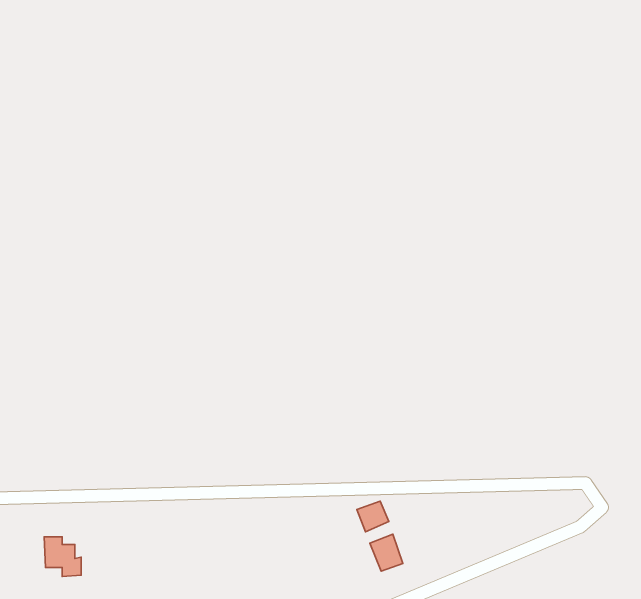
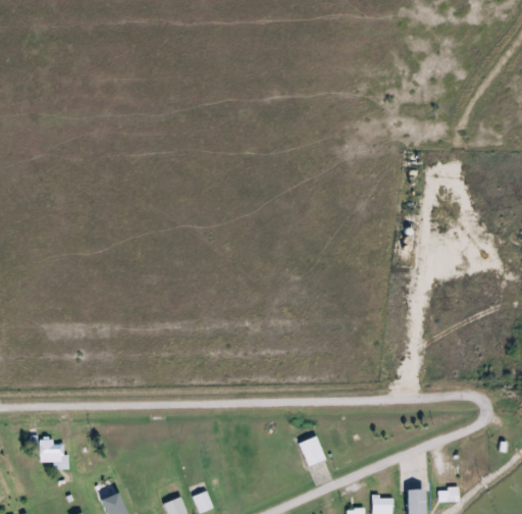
building: [357,501,389,532] -> none

